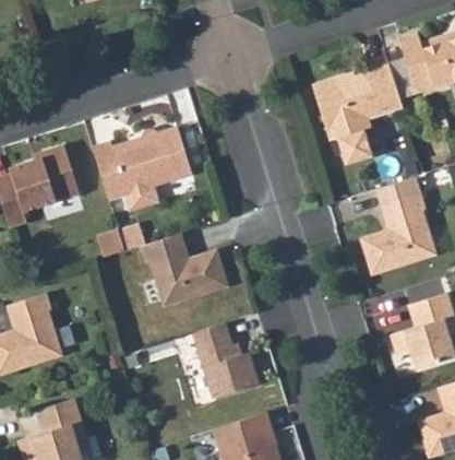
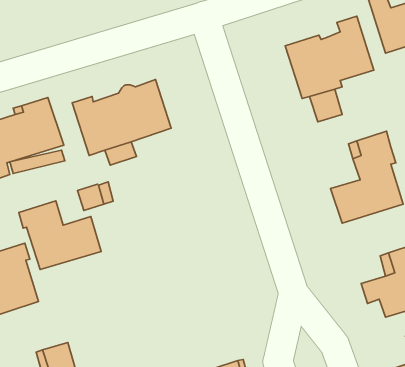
building: [142,234,227,305] -> [19,201,101,269]
building: [196,322,260,398] -> none

